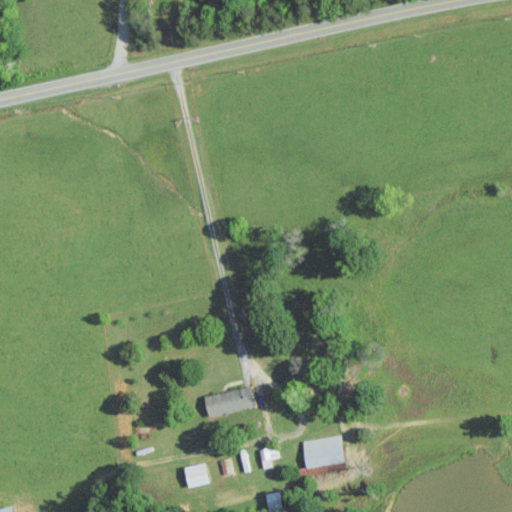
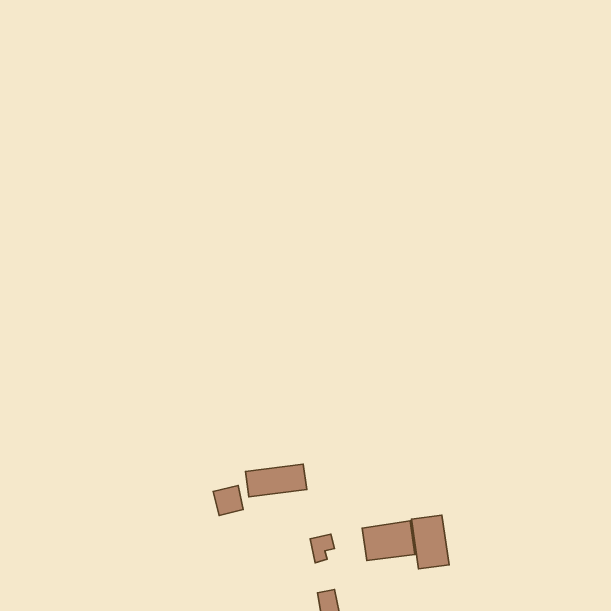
building: none -> [412,515,449,569]
building: [184,464,209,489] -> [213,485,243,515]

